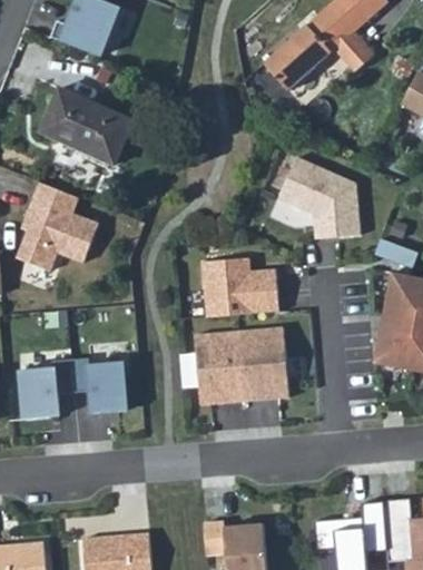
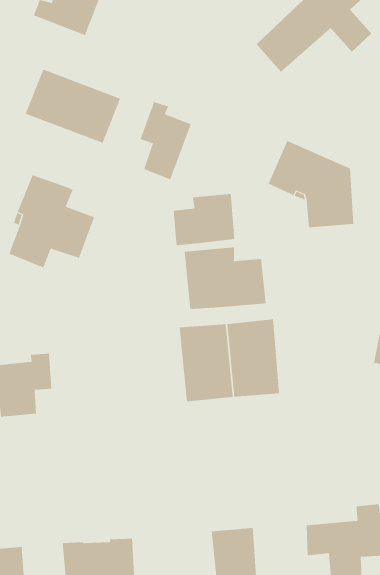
building: none -> [140,101,192,180]
building: none -> [173,193,235,246]
building: [70,356,126,412] -> none

